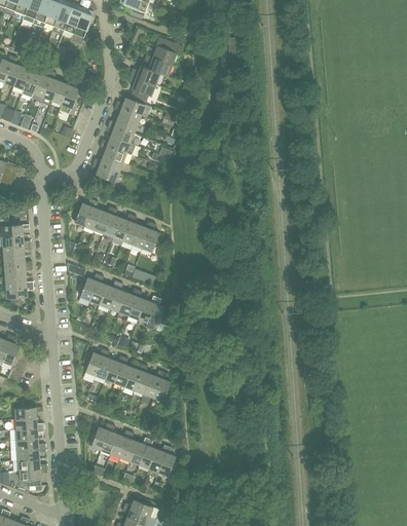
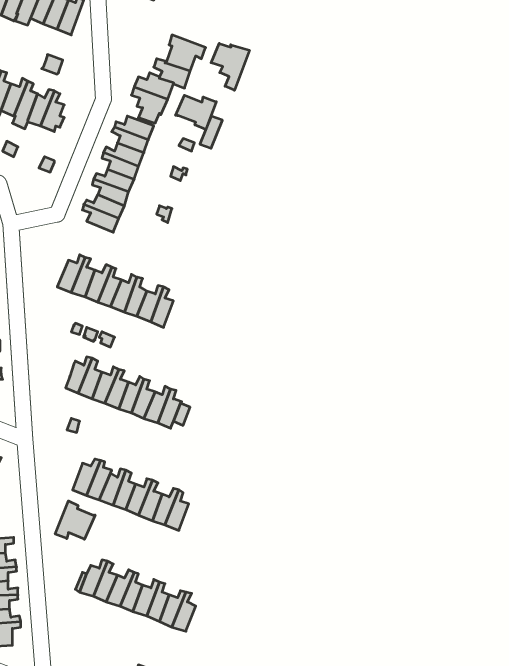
building: none -> [211,43,249,90]
building: none -> [176,95,216,130]
building: none -> [55,501,95,539]

